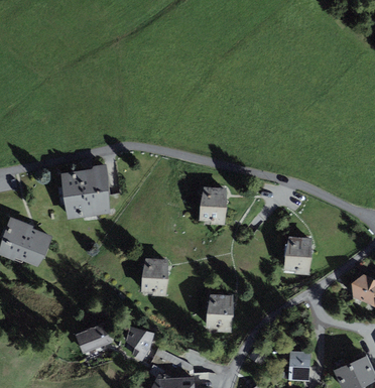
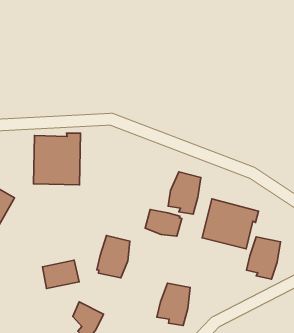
building: none -> [202,199,259,249]
building: none -> [145,210,182,236]
building: [75,322,112,354] -> [42,260,79,288]

